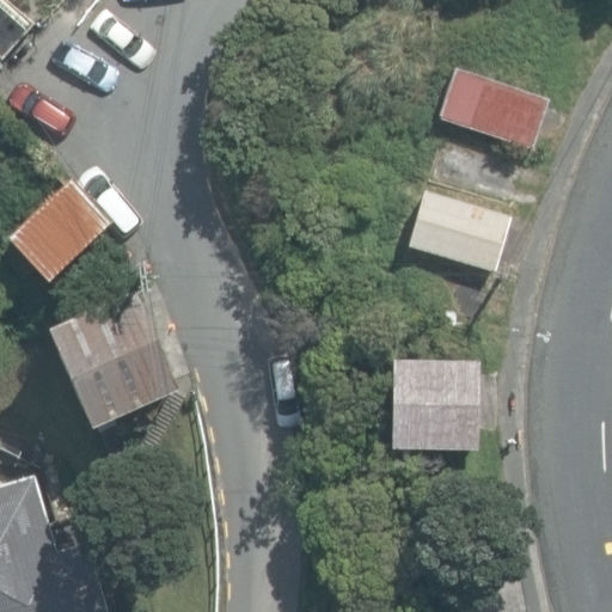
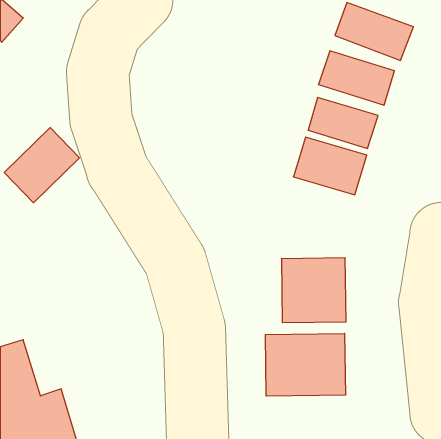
building: [45,292,176,429] -> none
building: none -> [265,333,345,396]

